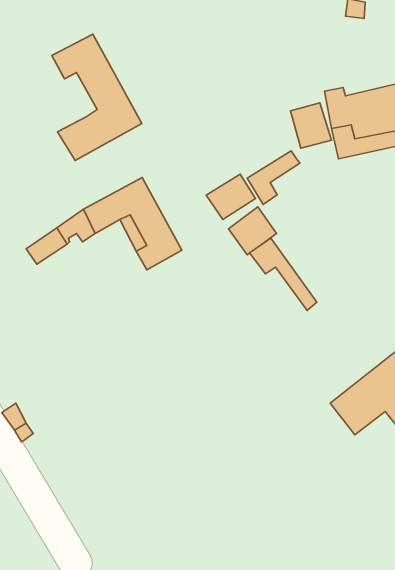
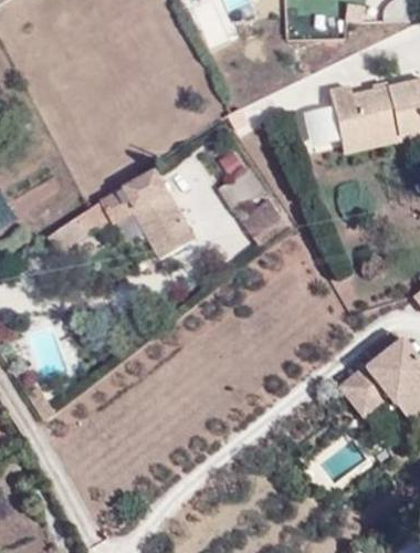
building: [52,34,142,160] -> none
building: [247,151,300,204] -> none
building: [250,238,317,311] -> none

